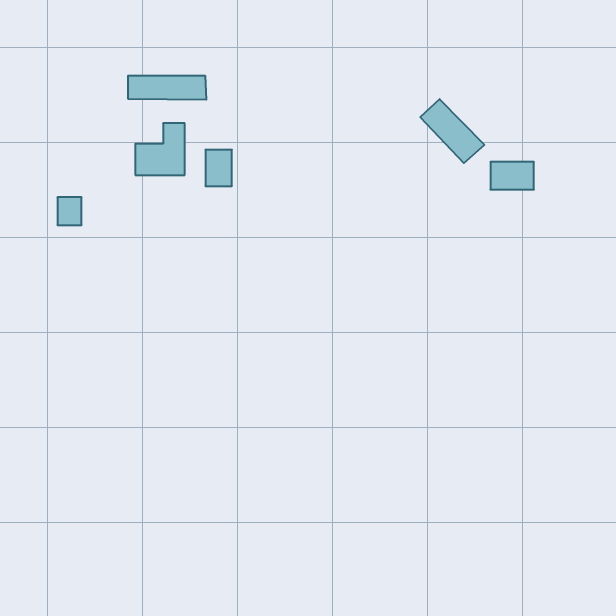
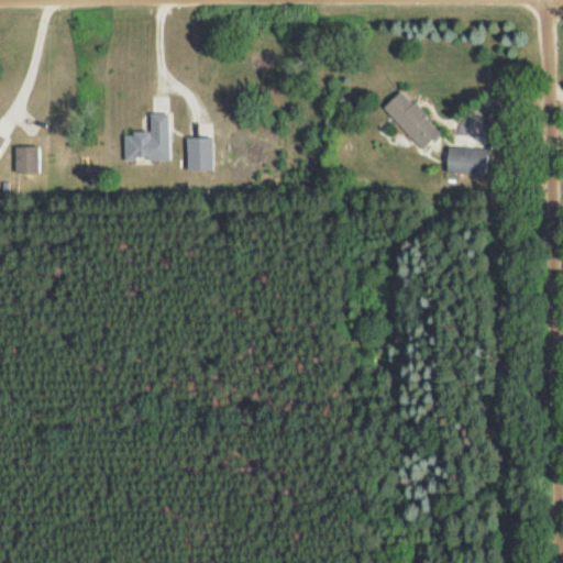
building: [128,76,206,100] -> none
building: [57,197,82,225] -> [16,146,38,172]

